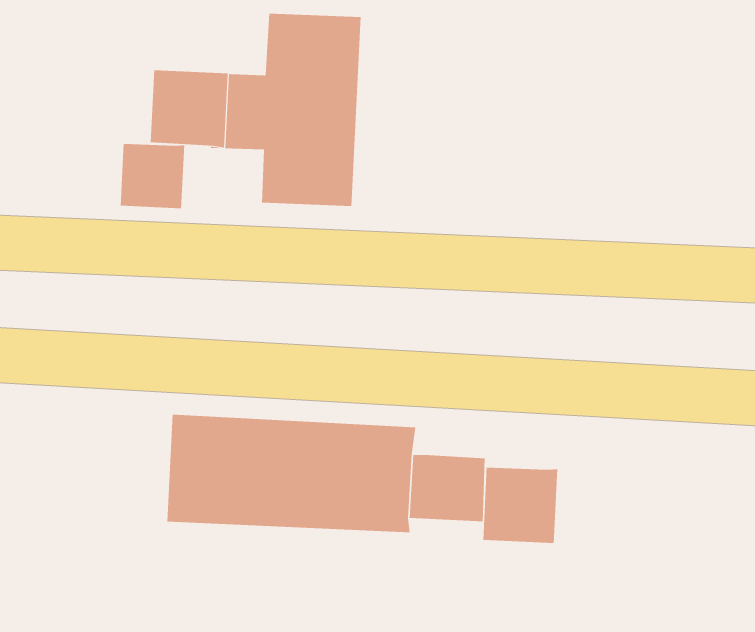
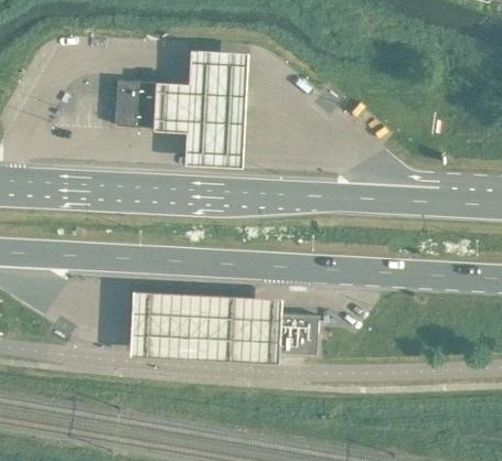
building: [120,143,185,209] -> none
building: [483,467,558,544] -> none

